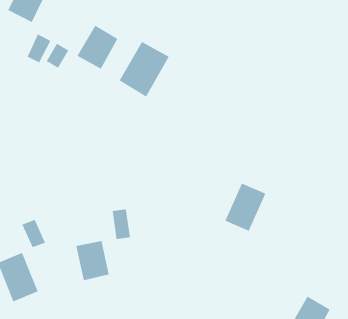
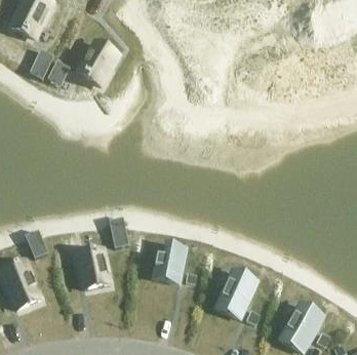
building: [119,41,169,98] -> none
building: [225,183,266,232] -> [215,269,255,316]
building: none -> [153,244,185,281]

